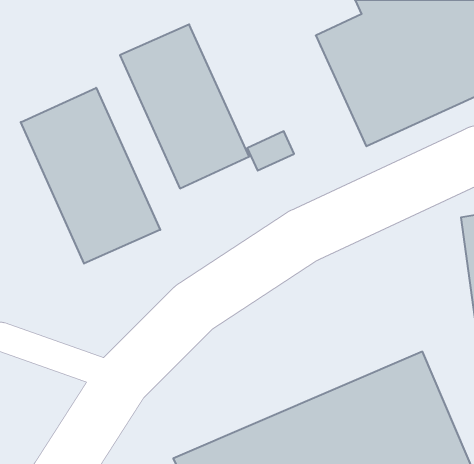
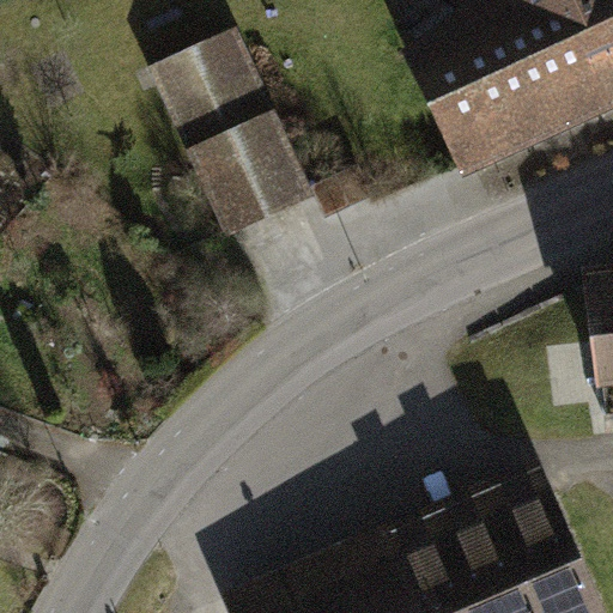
building: [21,88,160,264] -> none

